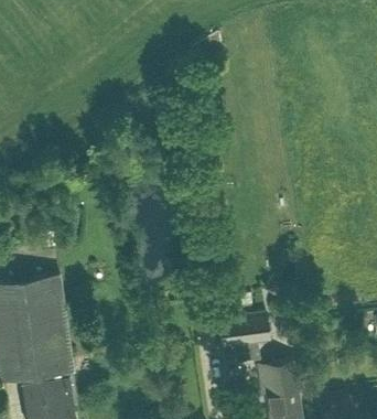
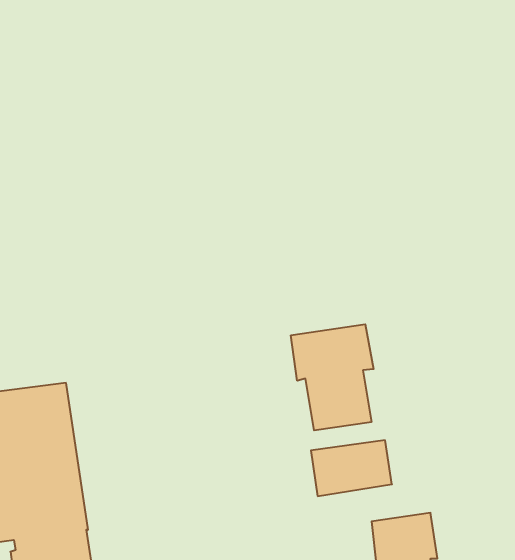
building: none -> [291,324,374,430]

